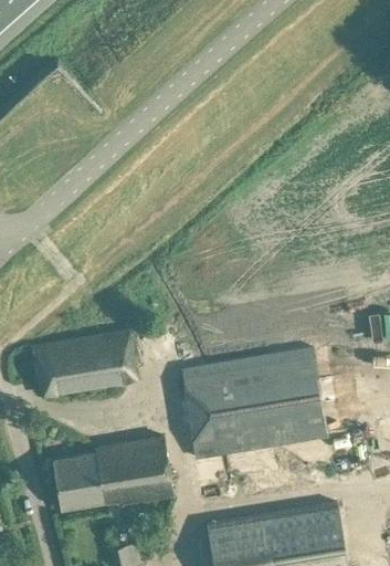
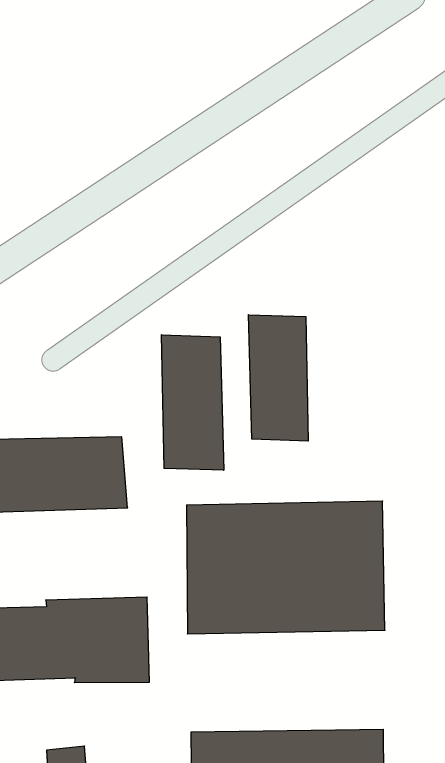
building: none -> [248,315,308,441]
building: none -> [162,335,224,470]

